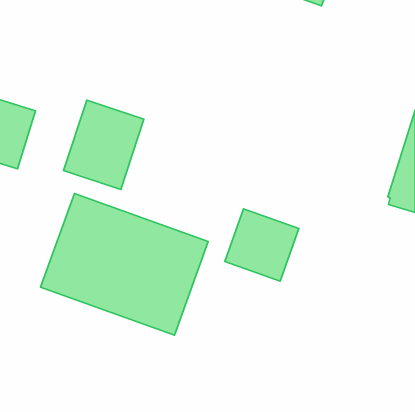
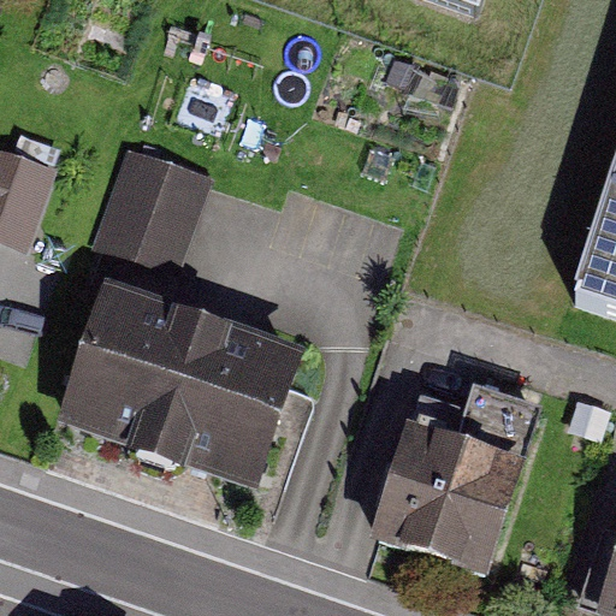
building: [225,209,299,281] -> none
building: none -> [379,415,533,576]

